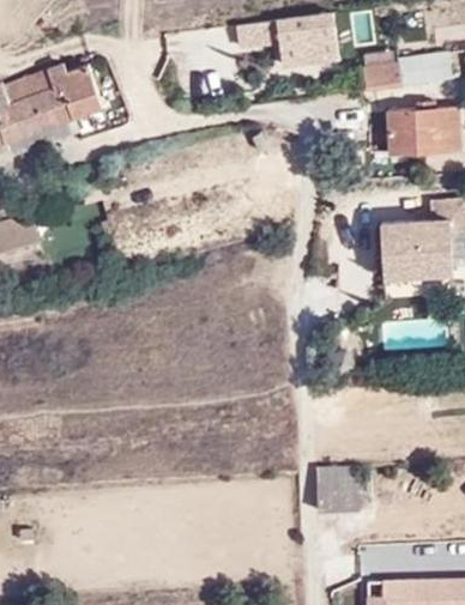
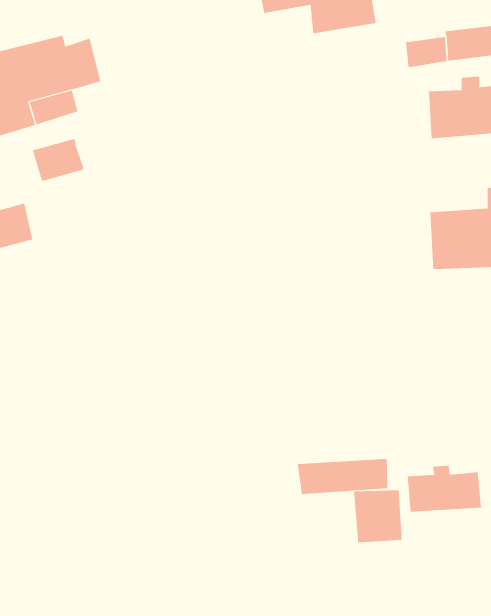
building: none -> [32,138,84,182]
building: none -> [297,458,388,495]
building: none -> [407,465,481,512]

